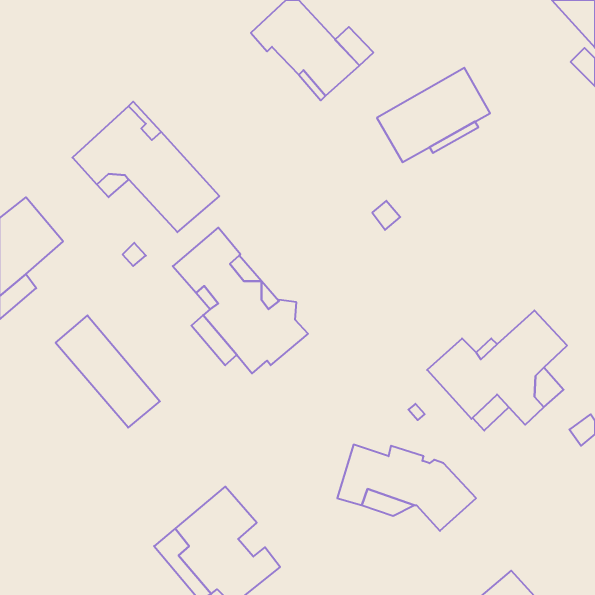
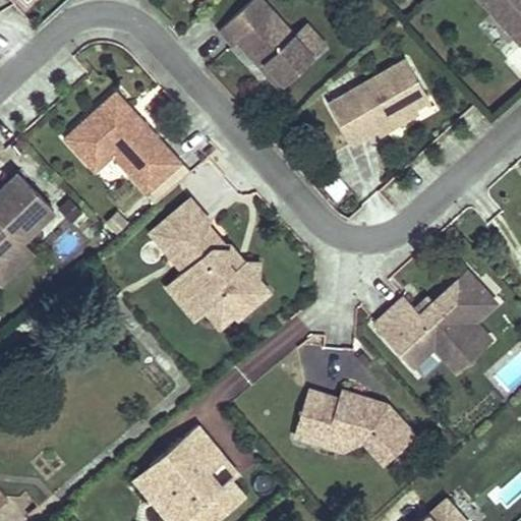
building: [56,315,160,428] -> none

